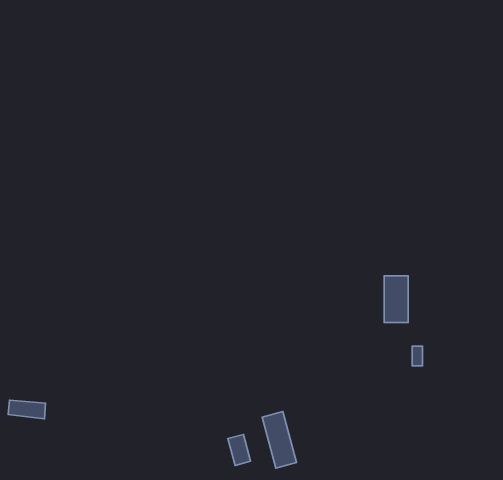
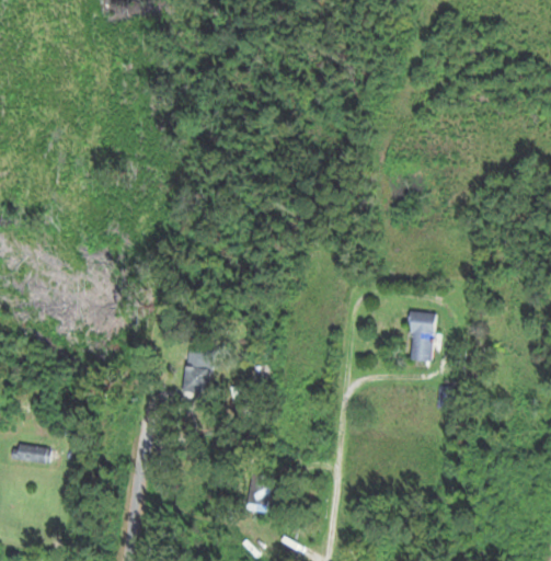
building: none -> [184,366,207,393]
building: [262,412,297,468] -> none

